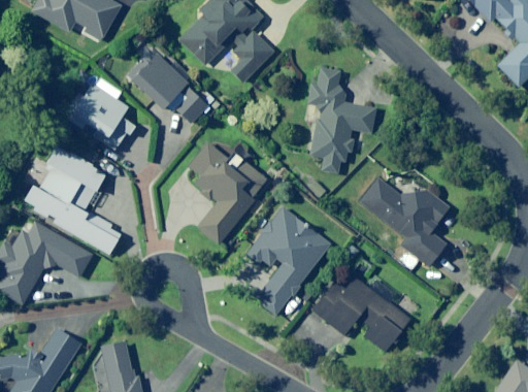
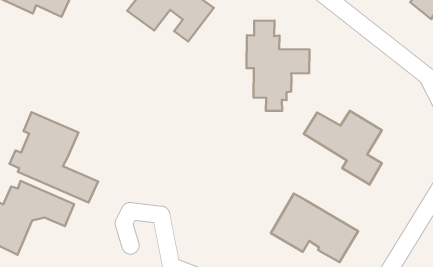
building: [126,43,209,124] -> none
building: [72,83,132,151] -> none
building: [189,136,267,243] -> none
building: [244,206,330,316] -> none

